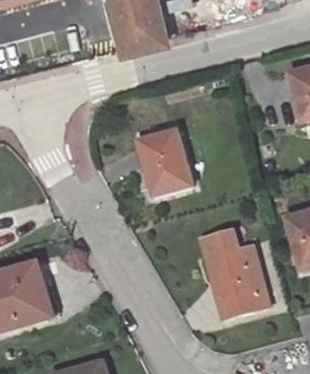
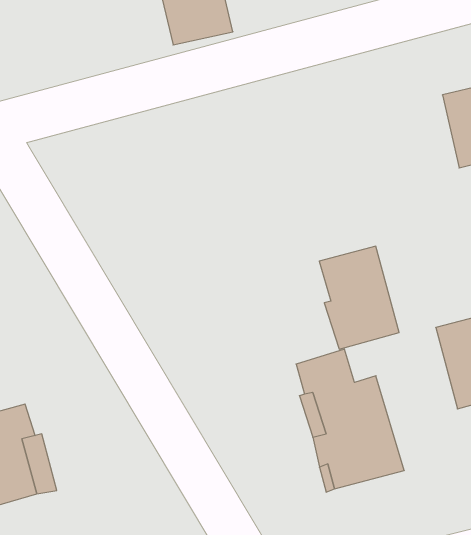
building: [141,129,189,192] -> [319,246,399,349]

